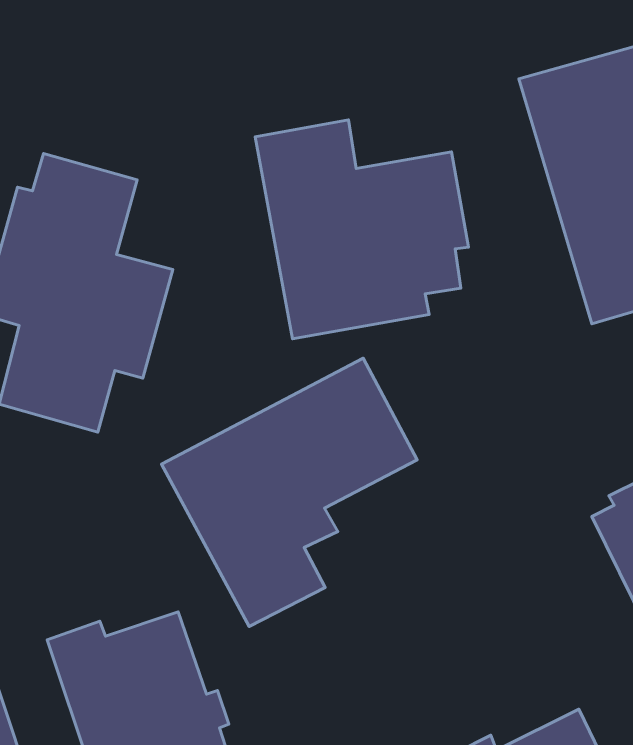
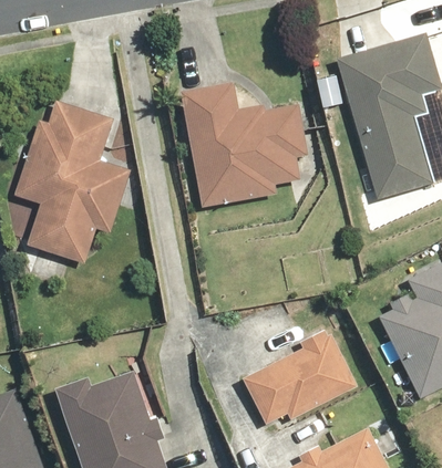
building: [161,358,417,626] -> none
building: none -> [244,327,357,425]

